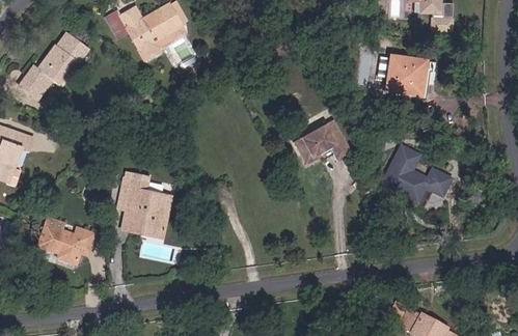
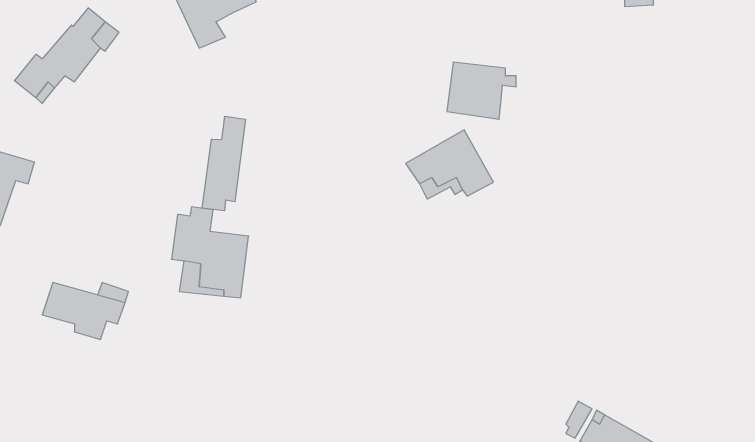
building: [381,60,428,99] -> [447,62,516,119]
building: none -> [202,116,245,211]
building: [383,149,449,202] -> none

